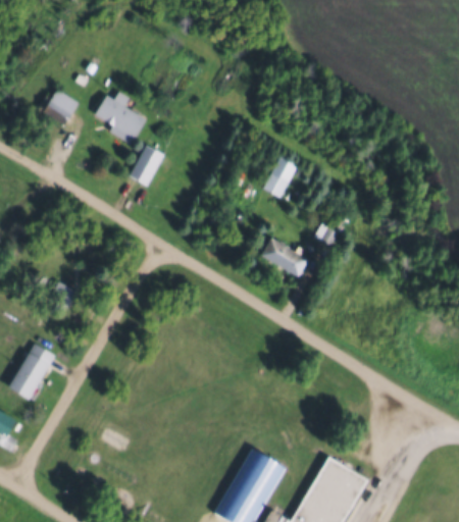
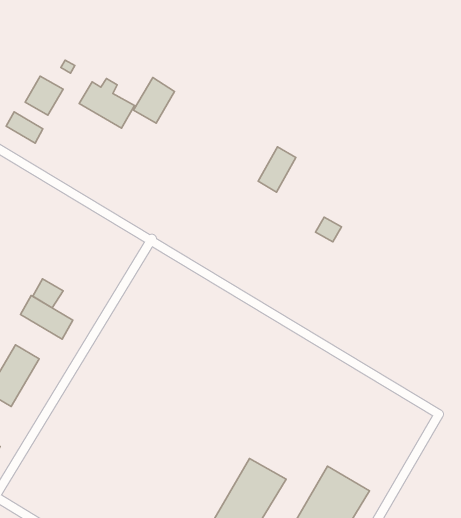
building: none -> [6,112,43,143]
building: [128,146,166,189] -> [133,78,175,123]
building: [260,240,309,279] -> none
building: none -> [21,296,73,339]

